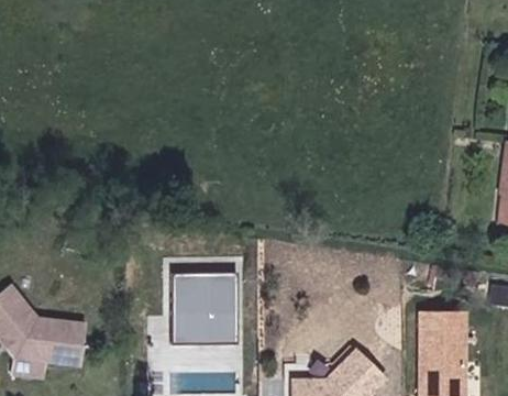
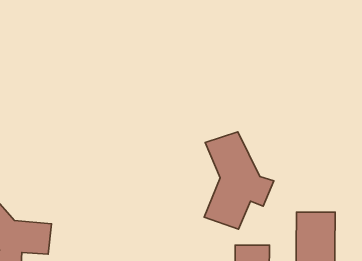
building: none -> [204,132,274,229]
building: [170,271,236,343] -> none

